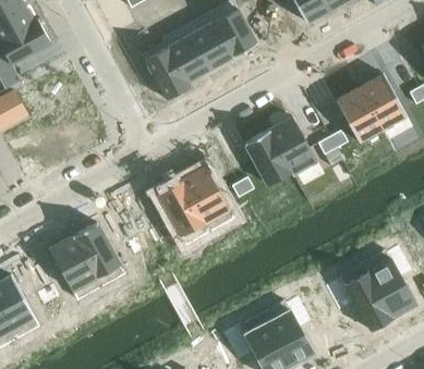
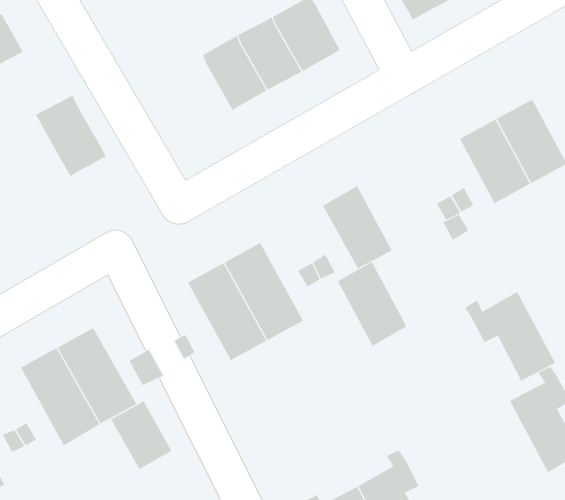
building: [142,45,189,98] -> [35,95,107,177]
building: [268,116,314,172] -> [337,261,407,346]
building: none -> [111,401,172,470]
building: [332,270,392,329] -> [464,291,556,381]

